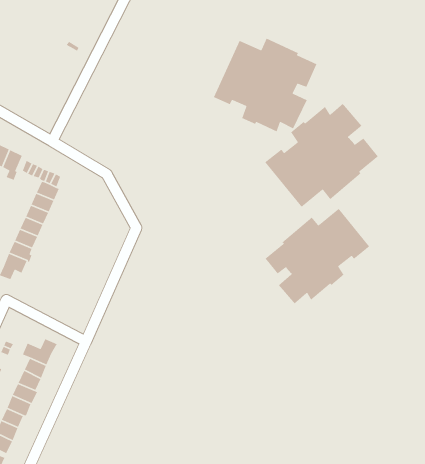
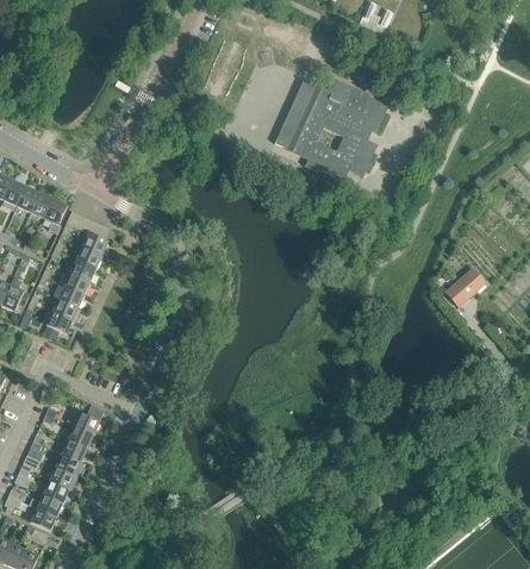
building: [264,103,379,208] -> none
building: [264,208,370,304] -> none
building: none -> [444,267,485,305]

